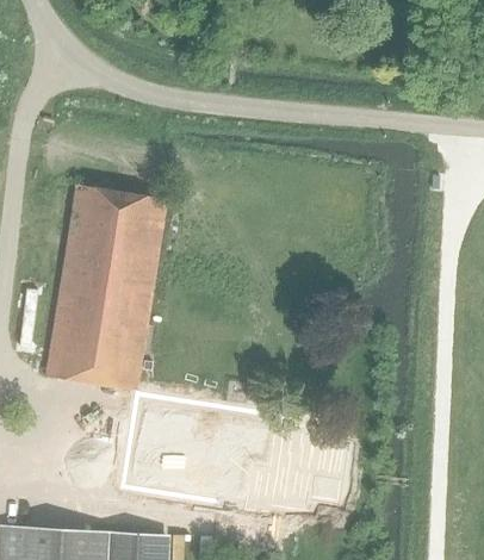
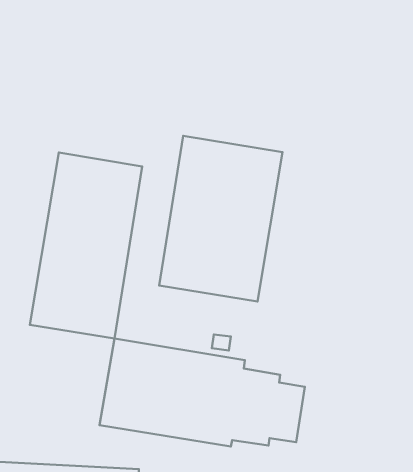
building: none -> [159,136,283,301]

